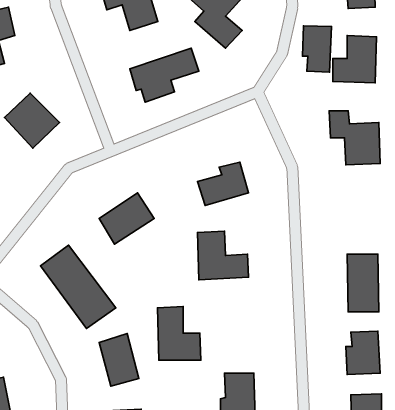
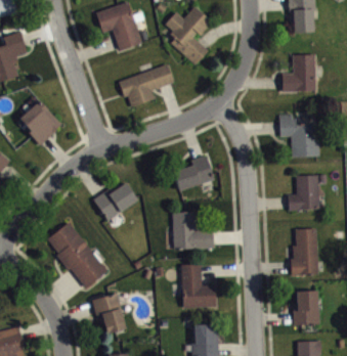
building: [302,26,331,72] -> none
building: none -> [288,175,326,210]
building: [158,306,201,360] -> [181,264,216,307]

